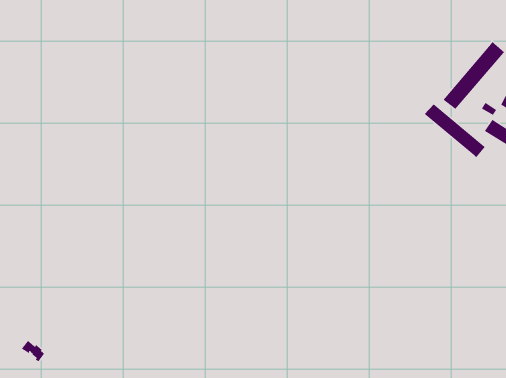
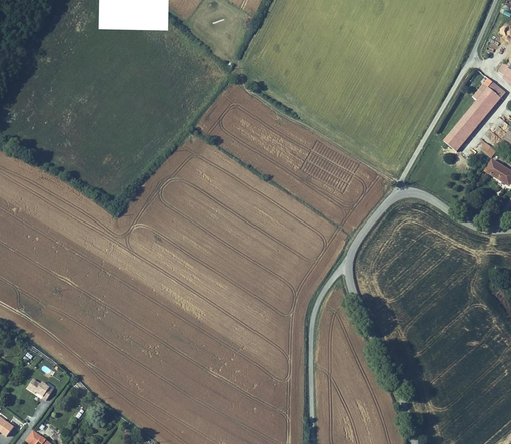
building: [424,103,486,158] -> none

